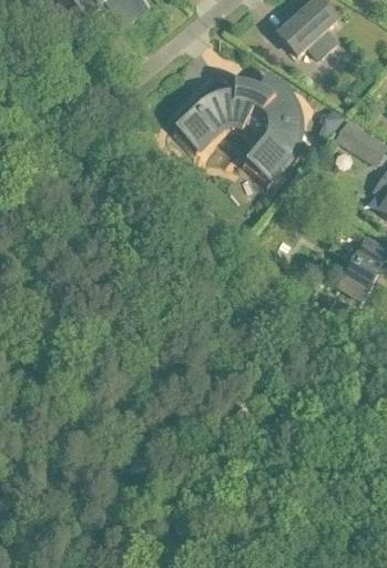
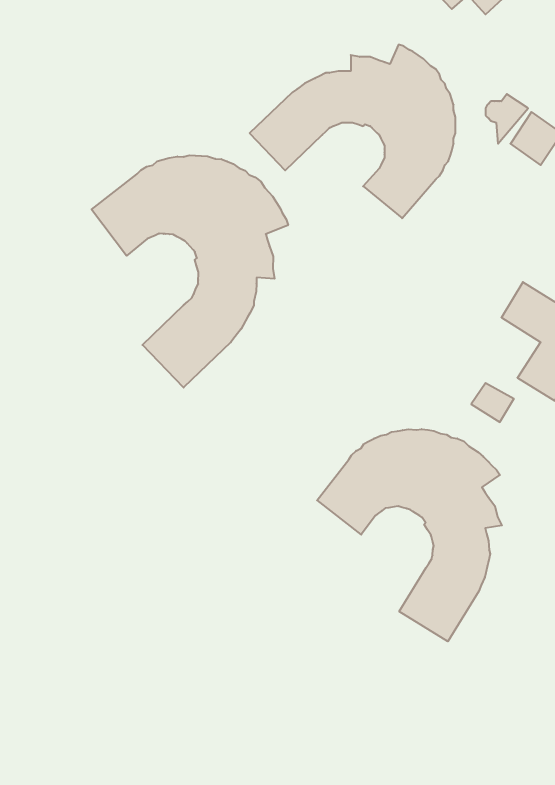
building: none -> [92,155,288,388]
building: none -> [317,429,502,641]

